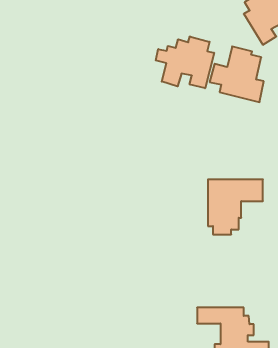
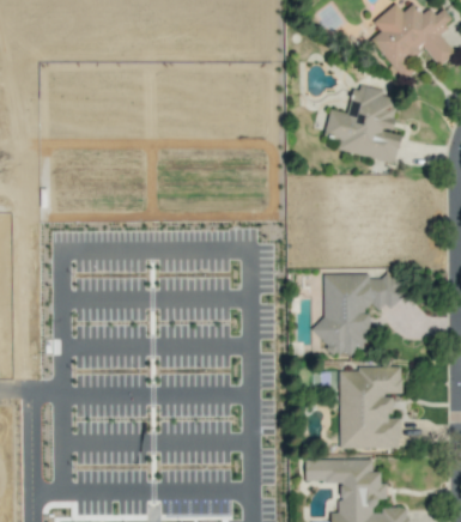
building: [156,36,214,88] -> none
building: none -> [339,368,401,449]

